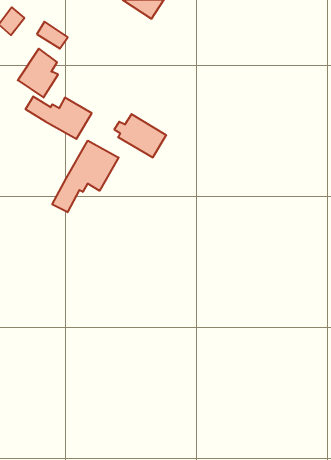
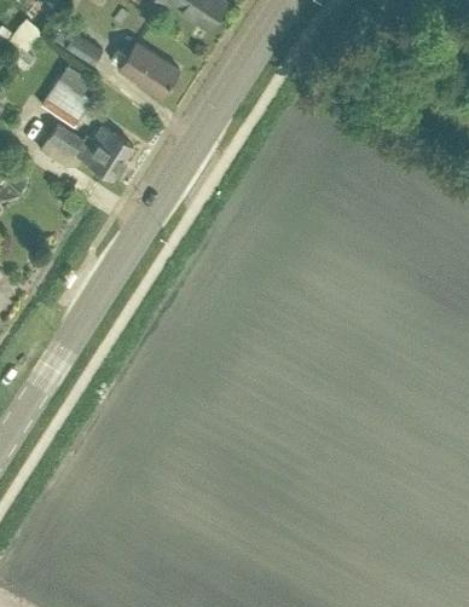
building: [114,114,166,157] -> [110,41,175,96]
building: [52,141,119,212] -> none

